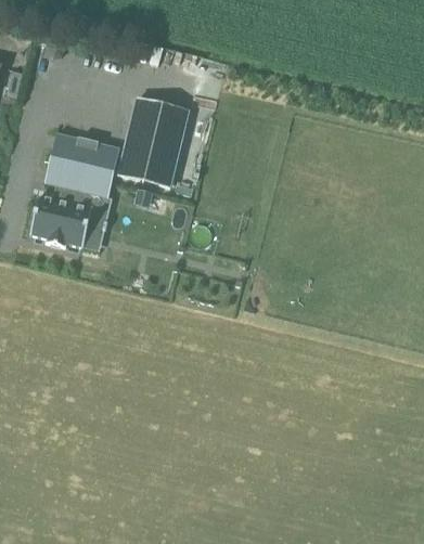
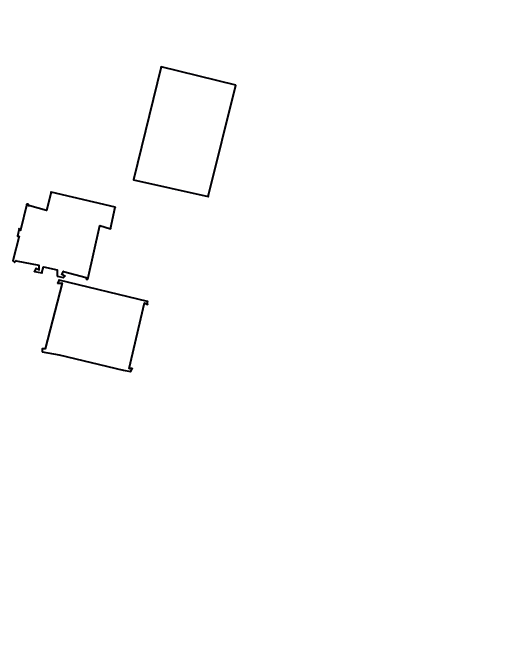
building: [46,133,120,198] -> [42,280,148,372]

